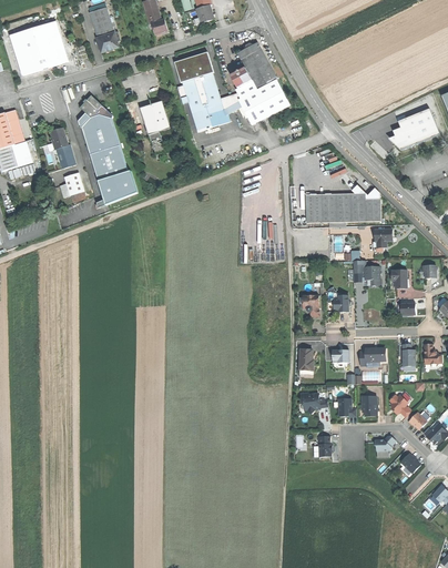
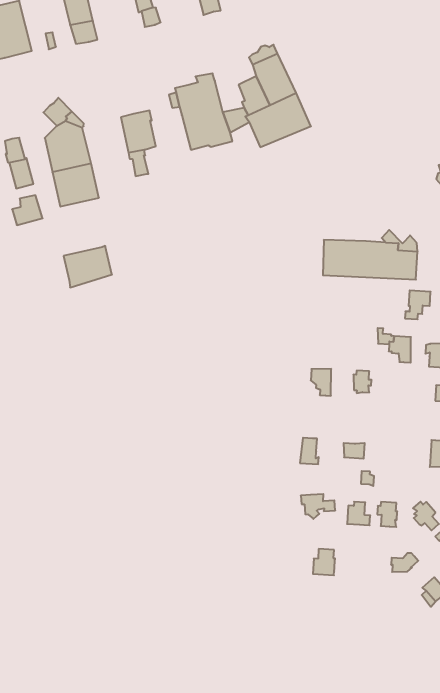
building: [174,52,214,83] -> none
building: [98,171,136,205] -> [64,246,112,287]
building: [358,347,386,367] -> none

